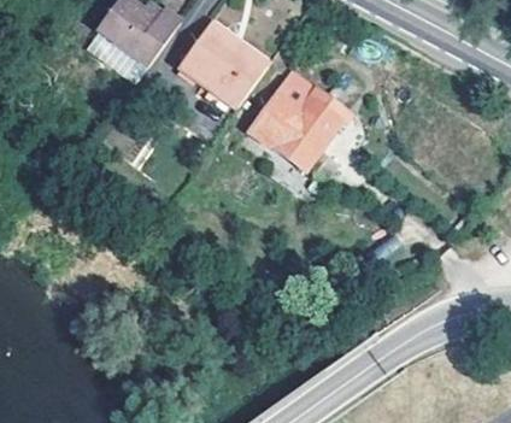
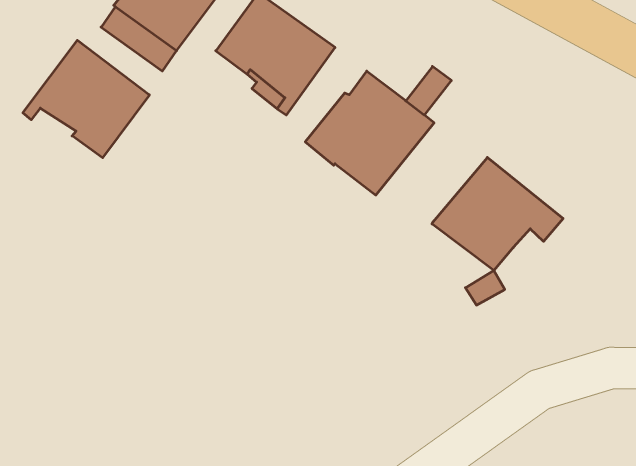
building: none -> [23,40,149,158]
building: none -> [432,157,563,271]

